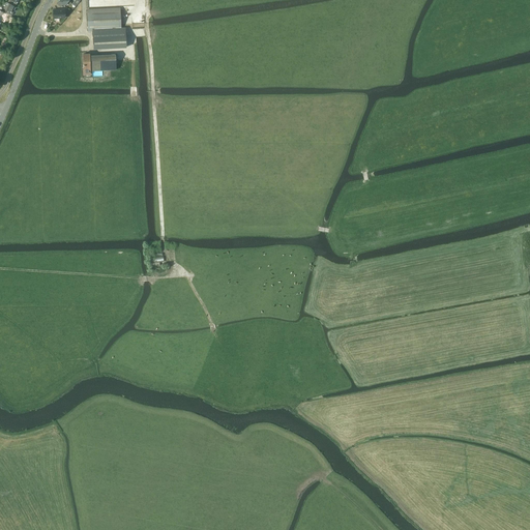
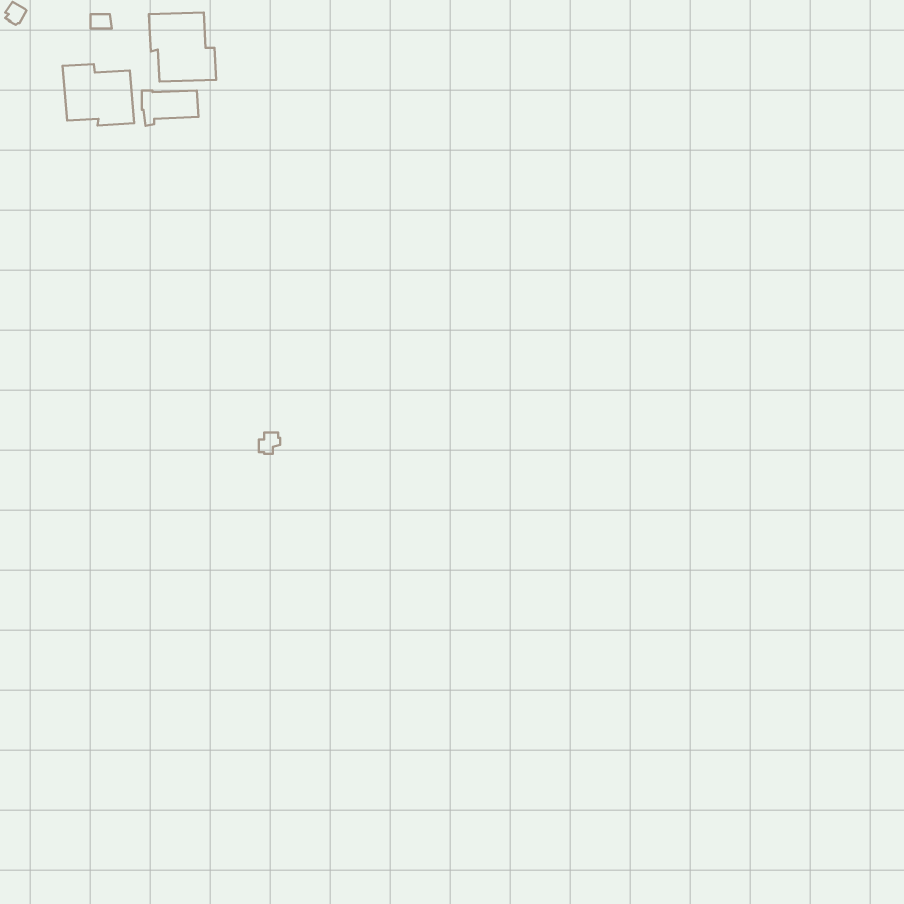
building: none -> [63,64,134,126]

